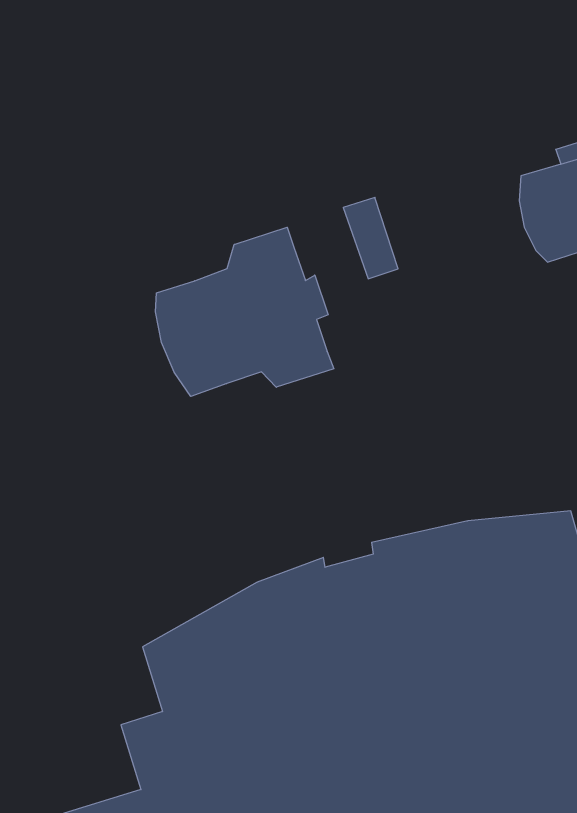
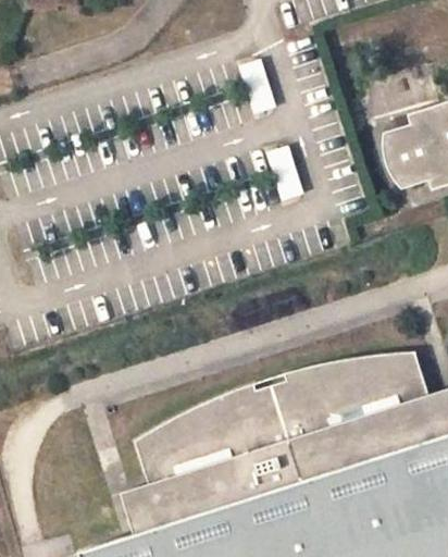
building: none -> [240,60,276,114]
building: [155,227,334,396] -> none

